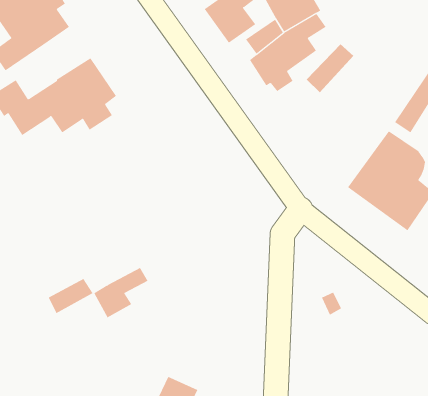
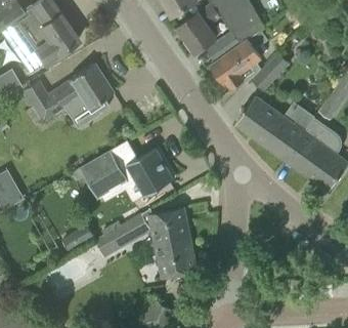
building: none -> [234,96,306,160]
building: none -> [80,140,173,200]
building: none -> [148,207,198,279]

